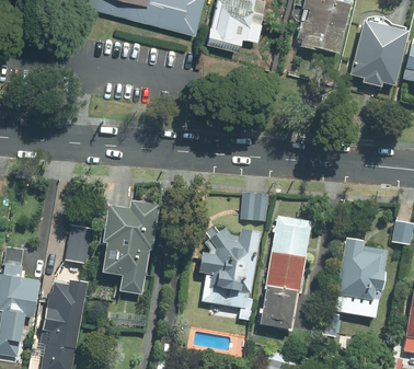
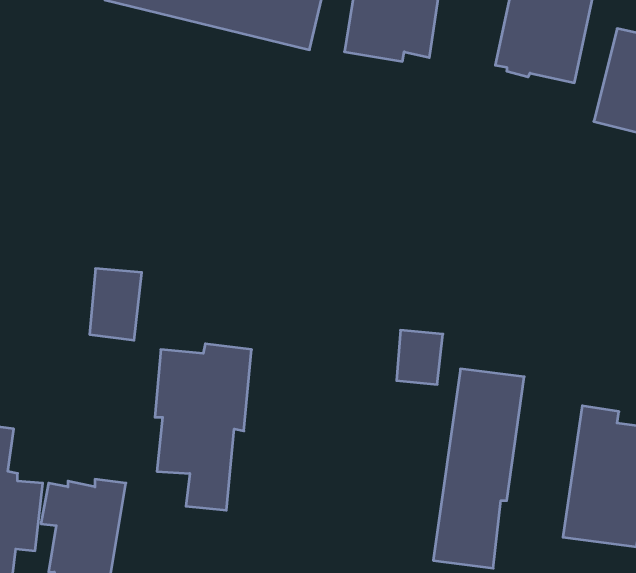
building: [65,226,94,266] -> [90,269,142,340]
building: [200,228,260,321] -> none

